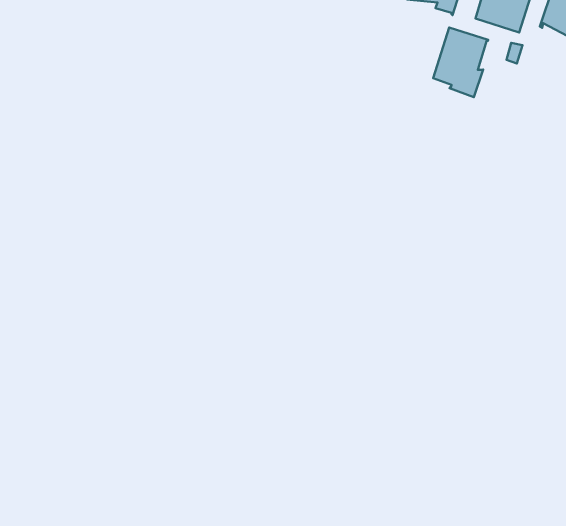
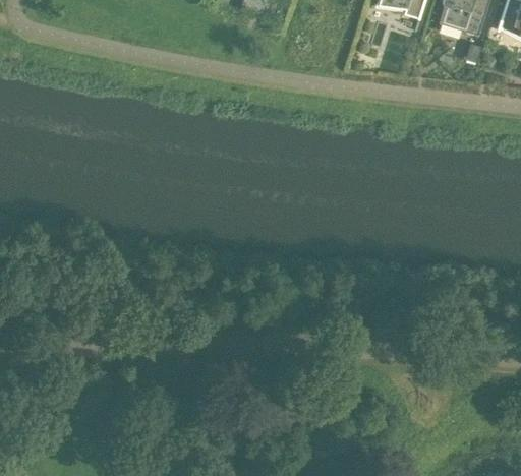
building: [433,28,488,97] -> none

